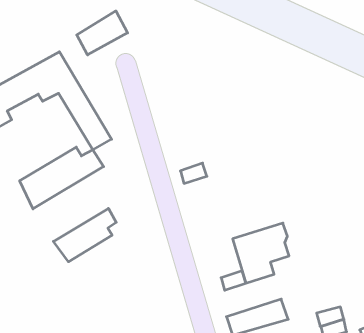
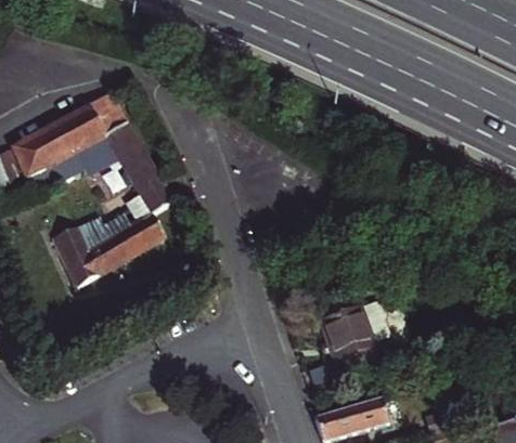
building: [77,11,128,55] -> none
building: [53,208,116,262] -> none

